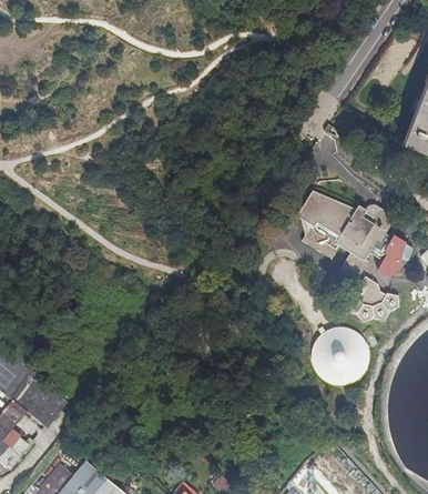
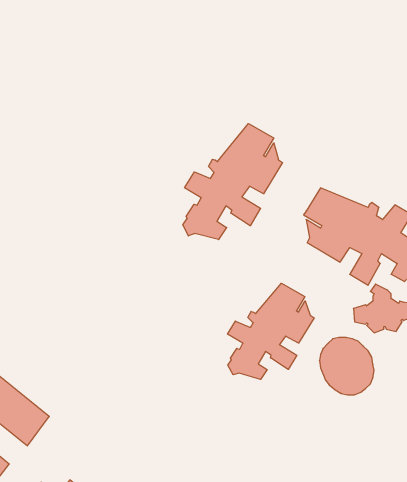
building: none -> [183,124,283,240]
building: none -> [227,283,314,379]

